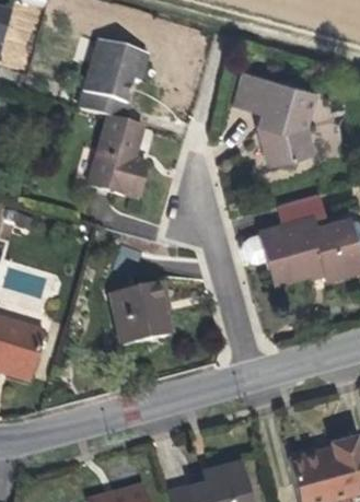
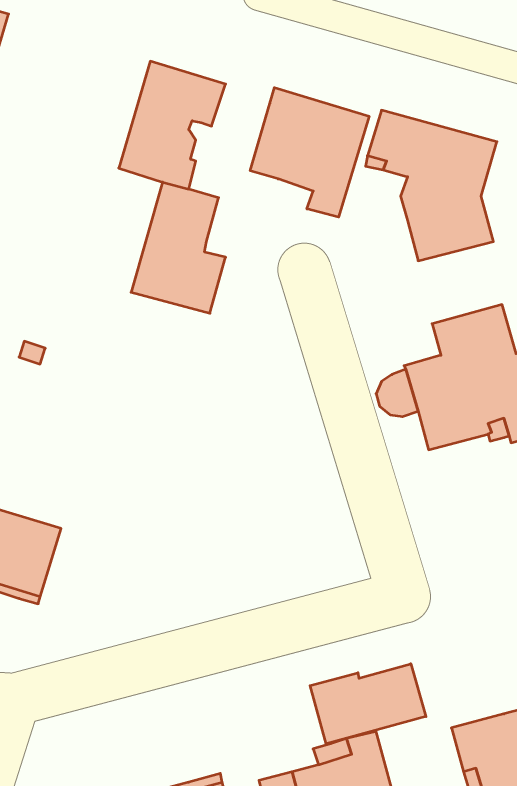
building: none -> [250,88,369,217]
building: [112,282,172,346] -> none
building: none -> [310,664,426,744]

